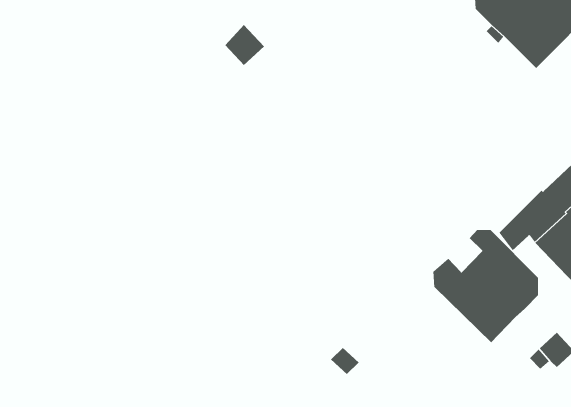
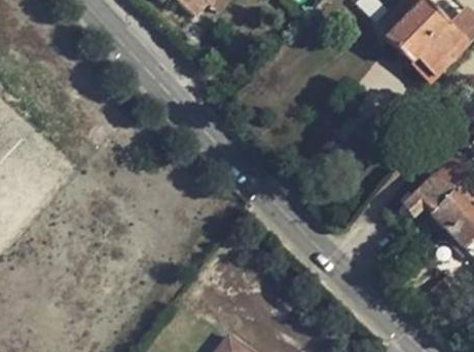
building: [433,229,539,343] -> none

